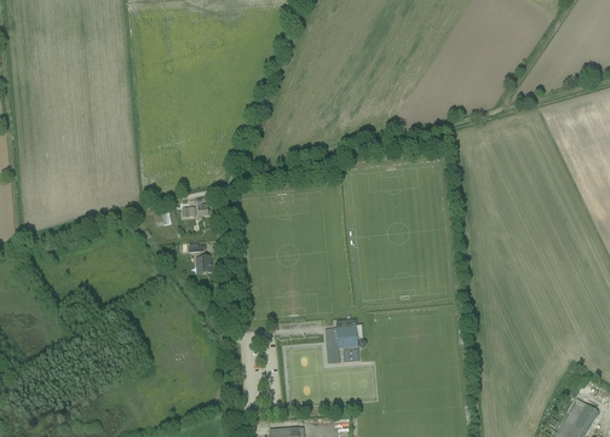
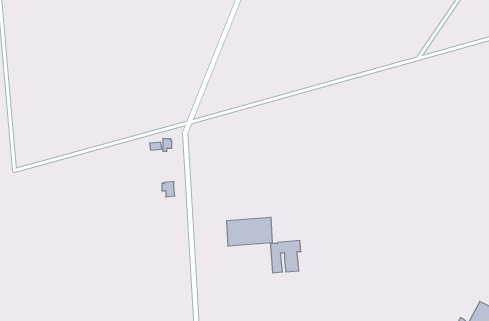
building: none -> [227,217,272,246]

